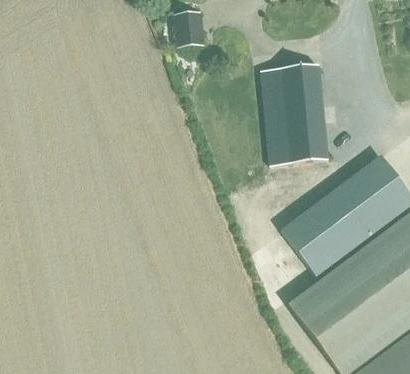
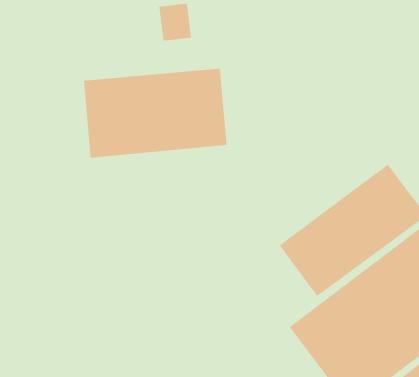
building: [260,64,327,165] -> none
building: none -> [84,68,227,158]

